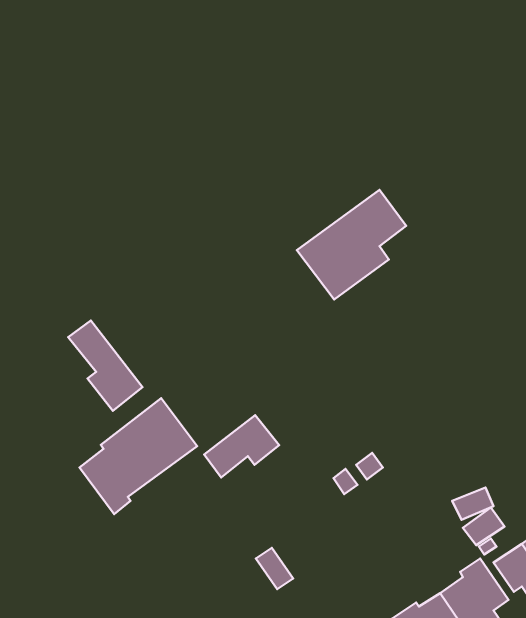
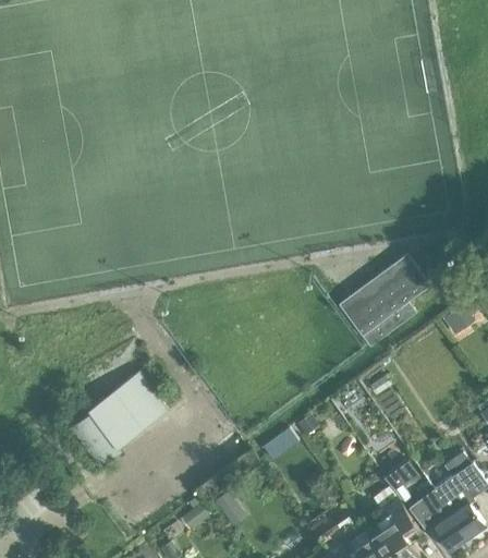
building: [297,190,406,299] -> [339,256,428,345]
building: [68,320,143,411] -> none
building: [204,415,279,477] -> none

